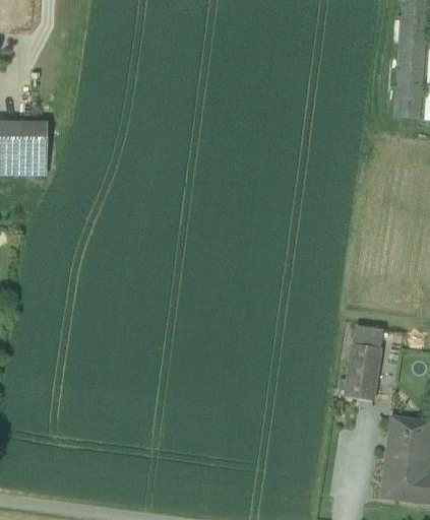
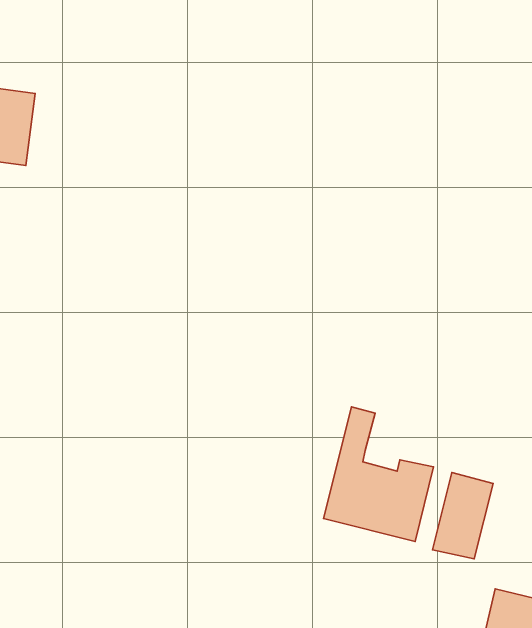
building: none -> [323,407,434,541]
building: [353,326,383,347] -> none

